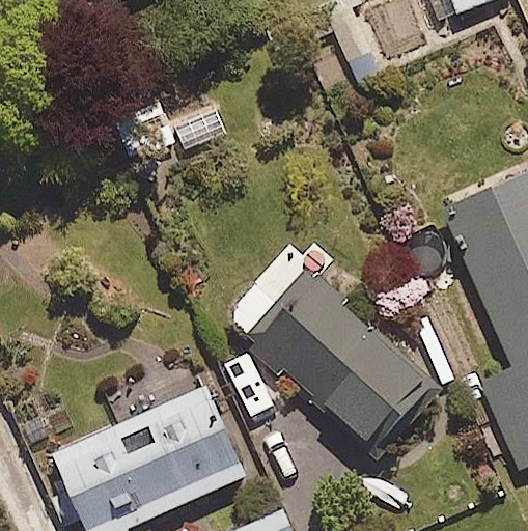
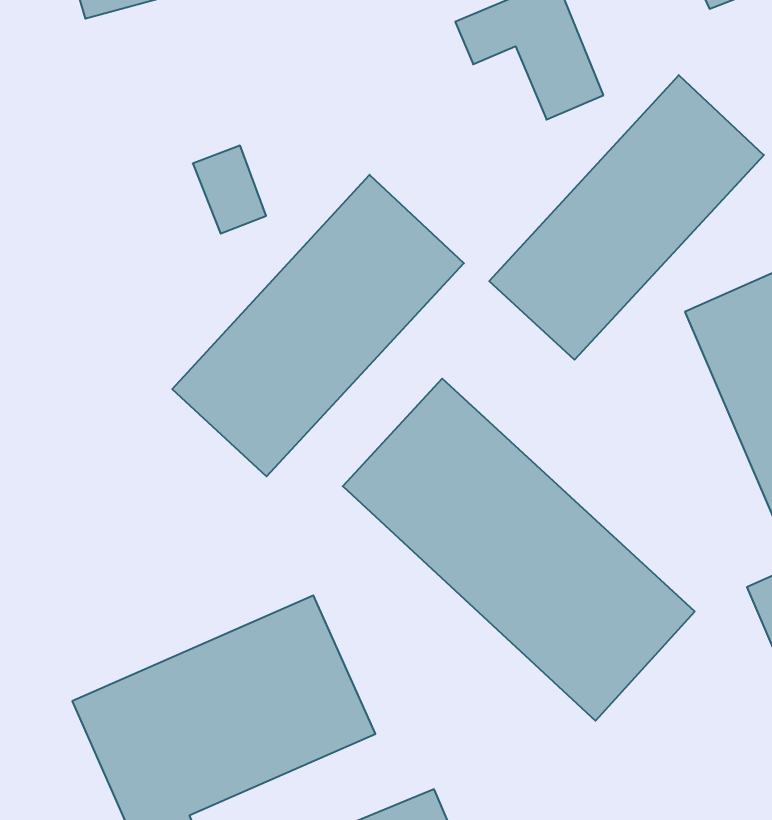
building: none -> [489,75,764,360]
building: none -> [172,175,464,476]

